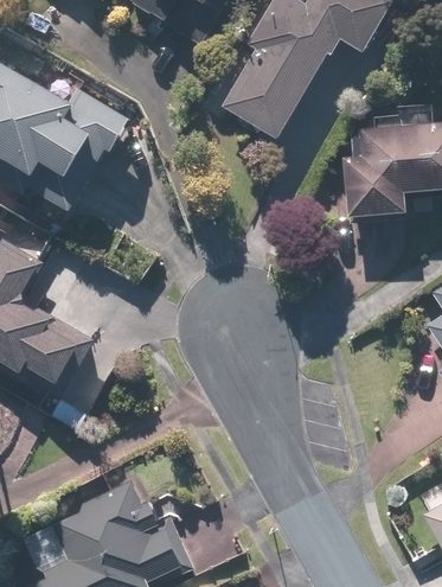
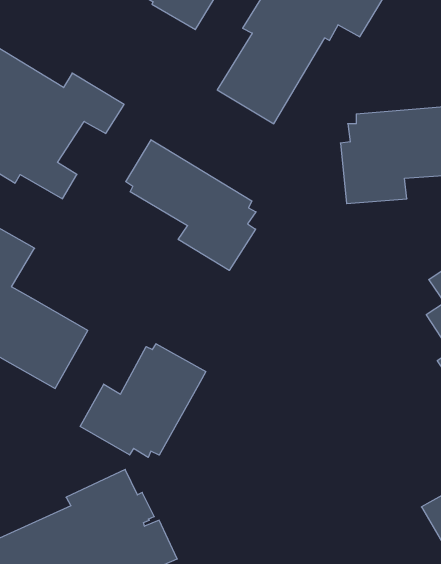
building: none -> [126,140,256,270]
building: none -> [80,344,206,457]

